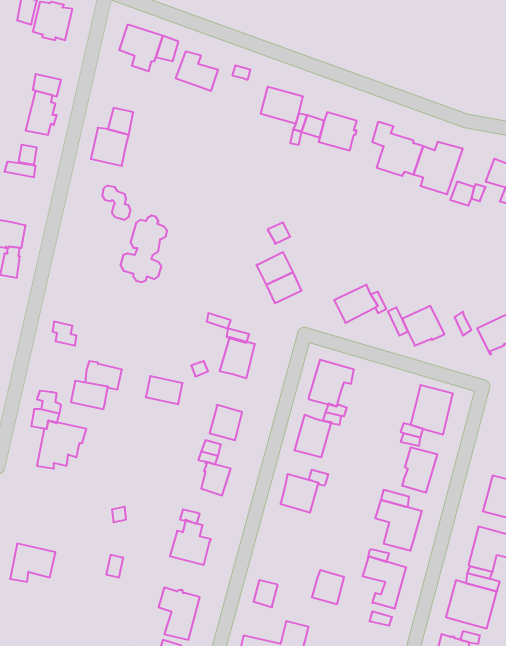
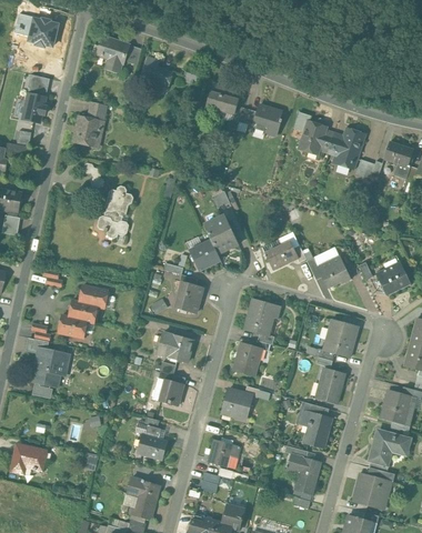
building: none -> [190,241,220,270]
building: [146,376,183,404] -> [79,285,108,308]
building: [312,570,344,604] -> [208,440,233,466]

